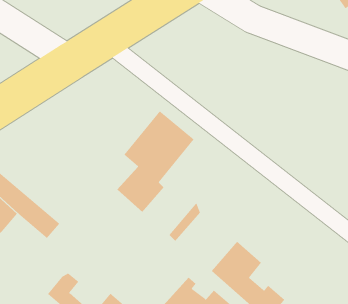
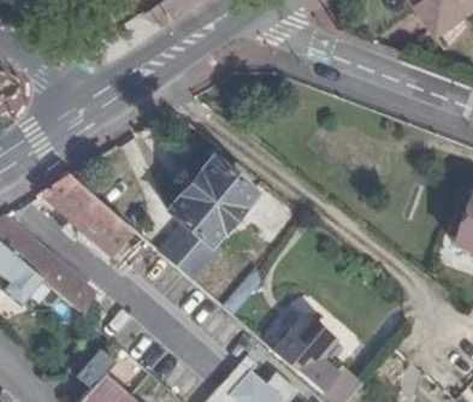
building: none -> [41,176,134,255]

